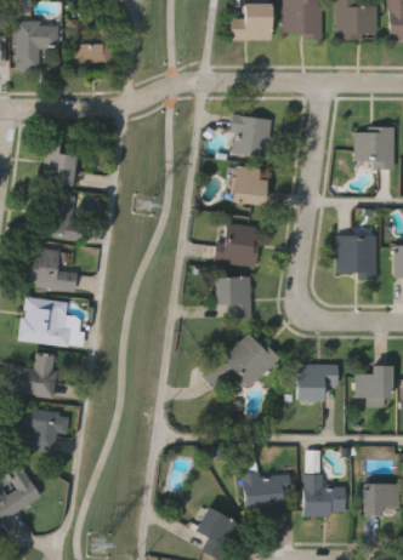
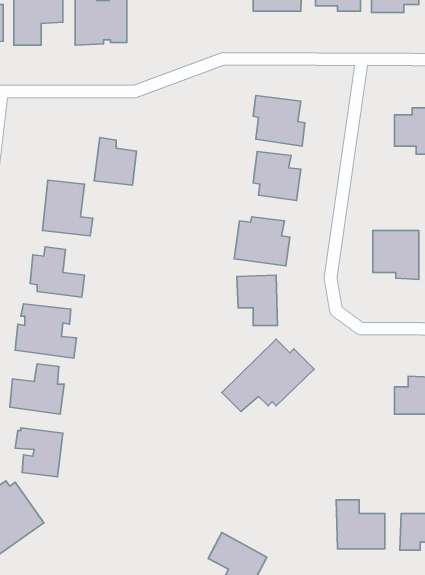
building: [41,142,79,184] -> [94,137,136,185]
building: [297,361,340,401] -> none
building: [240,455,293,515] -> none

